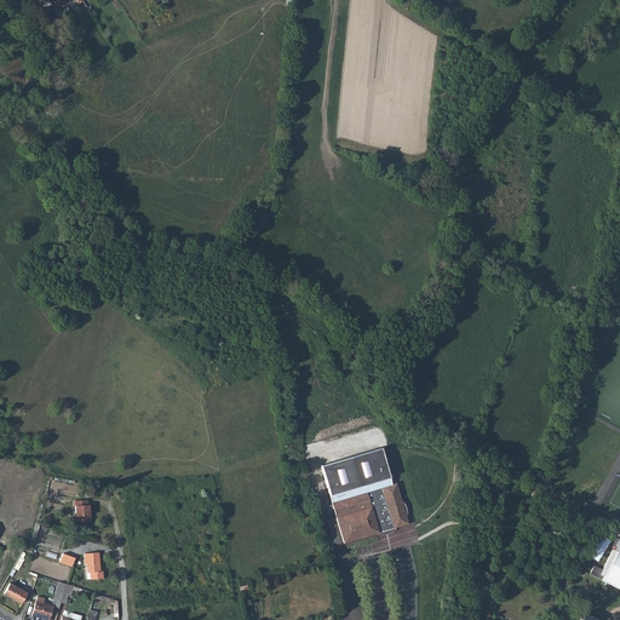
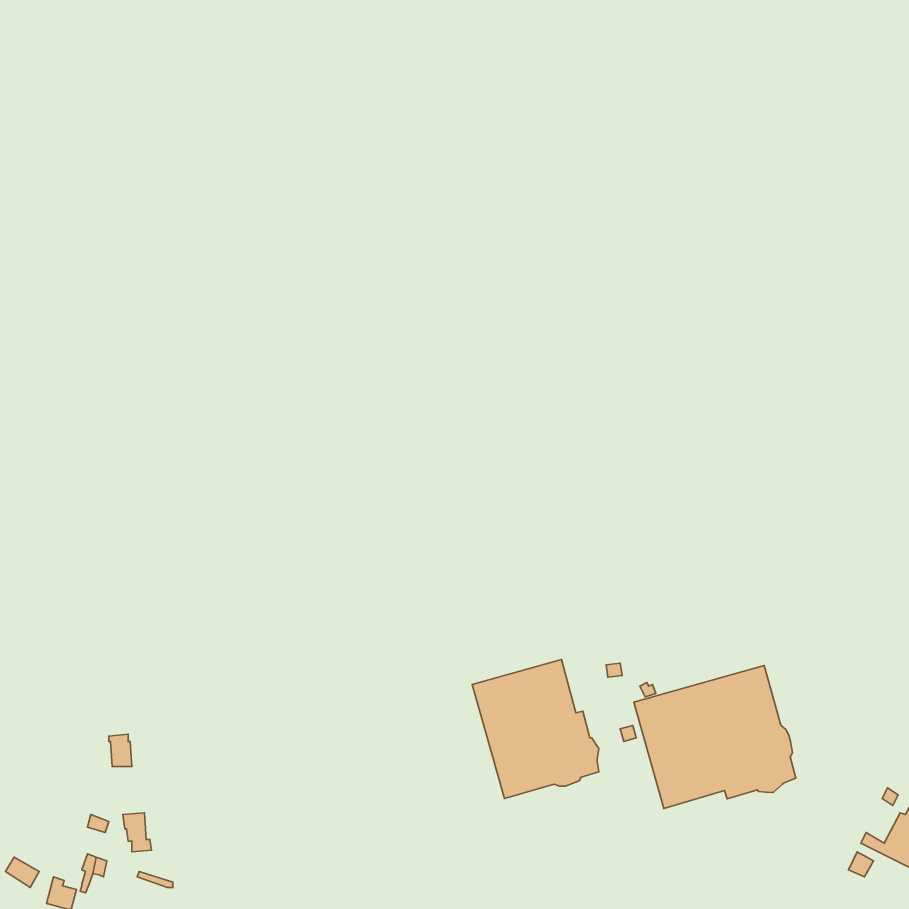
building: none -> [634,666,796,808]

